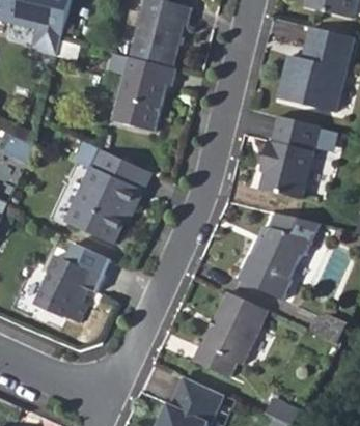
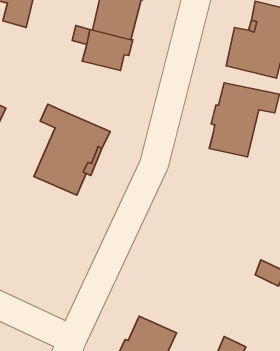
building: [112,93,161,132] -> none
building: [237,212,317,300] -> none
building: [36,243,110,319] -> none
building: [193,292,269,378] -> none

